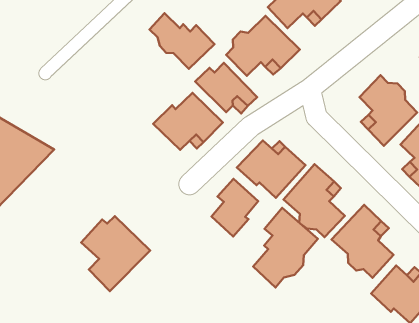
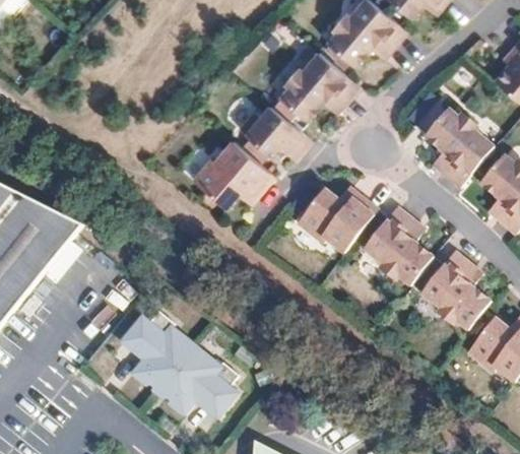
building: [149,13,214,69] -> none
building: [212,179,258,236] -> none
building: [253,208,318,287] -> none
building: none -> [159,328,243,403]

